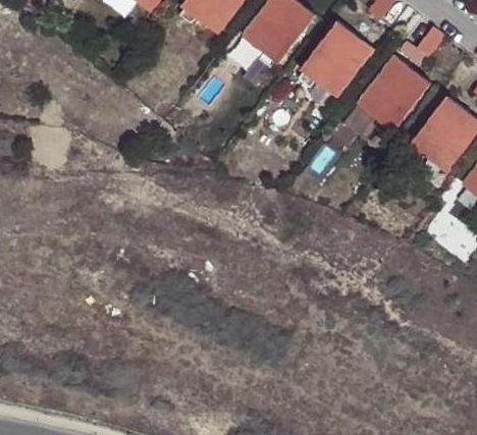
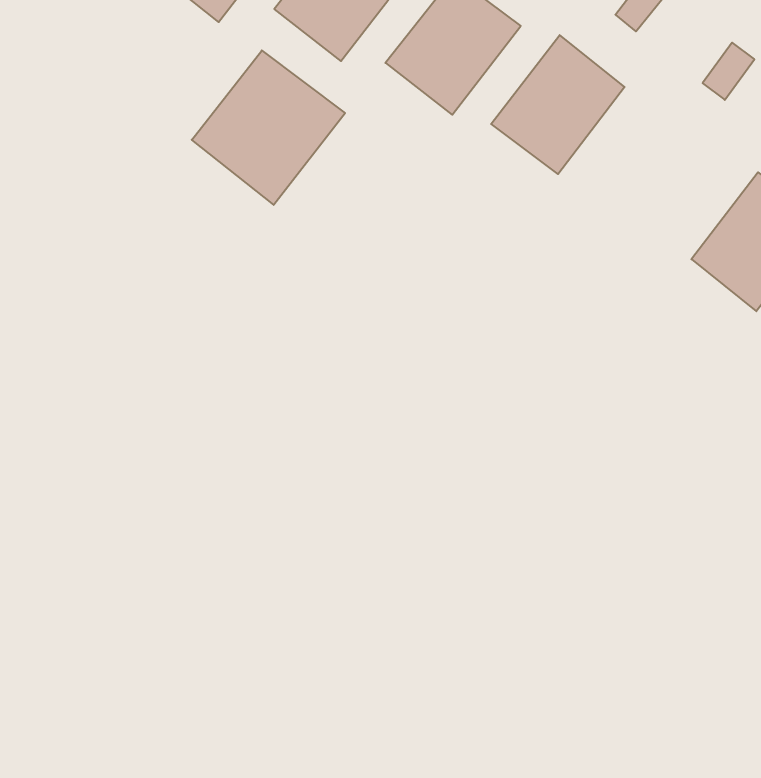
building: none -> [192,50,345,205]
building: [357,55,431,131] -> none

